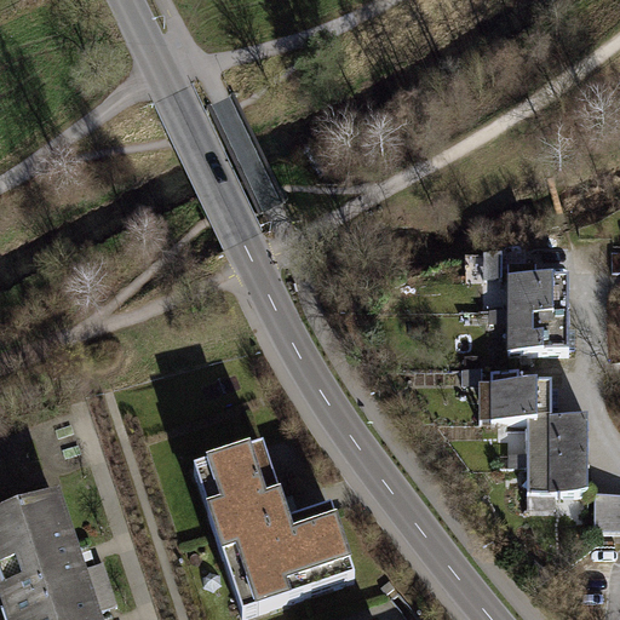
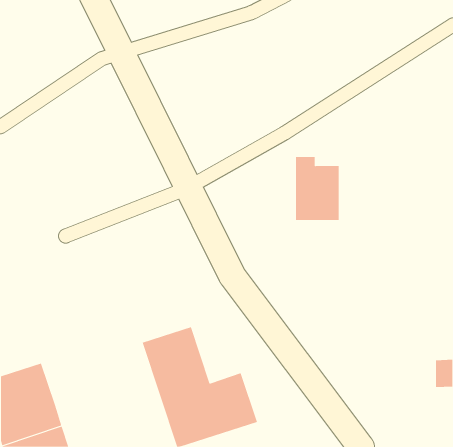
building: [509,263,569,350] -> [295,157,339,220]
building: [492,368,589,490] -> none

